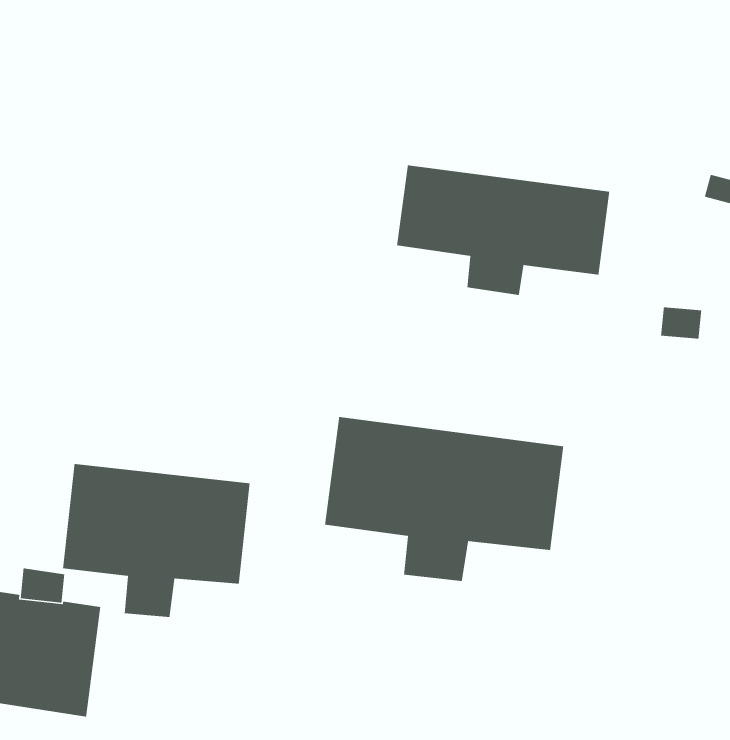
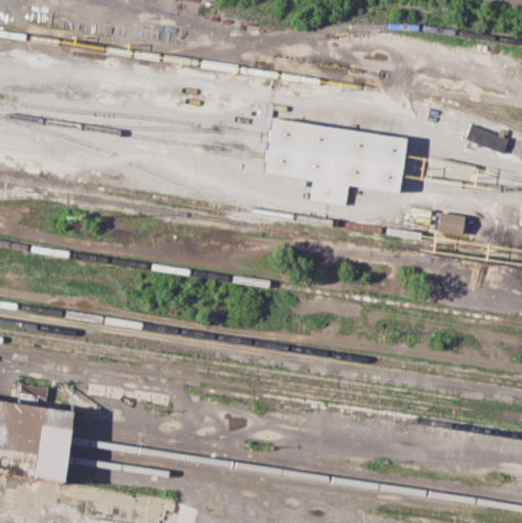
building: [324,416,564,582] -> none
building: [62,463,251,618] -> none

